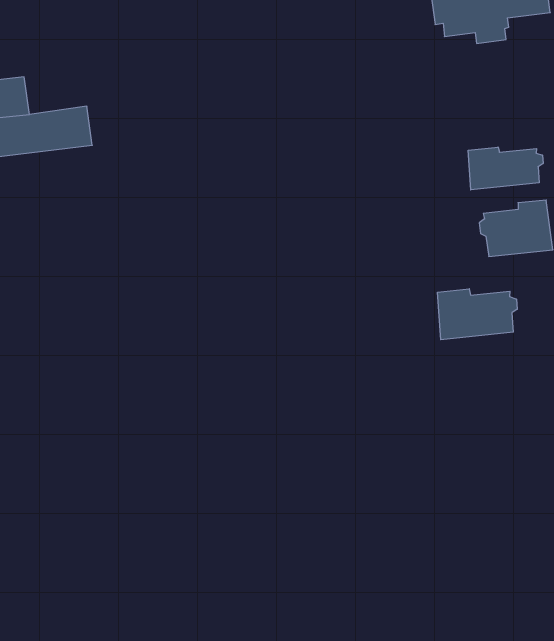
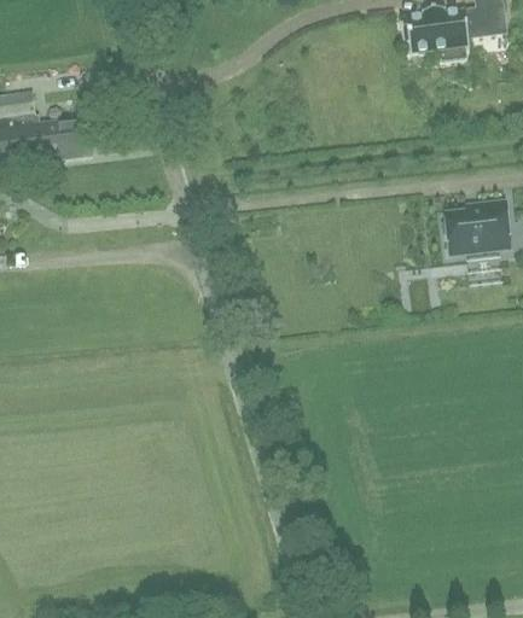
building: [468,147,543,190] -> none
building: [438,289,517,340] -> none

